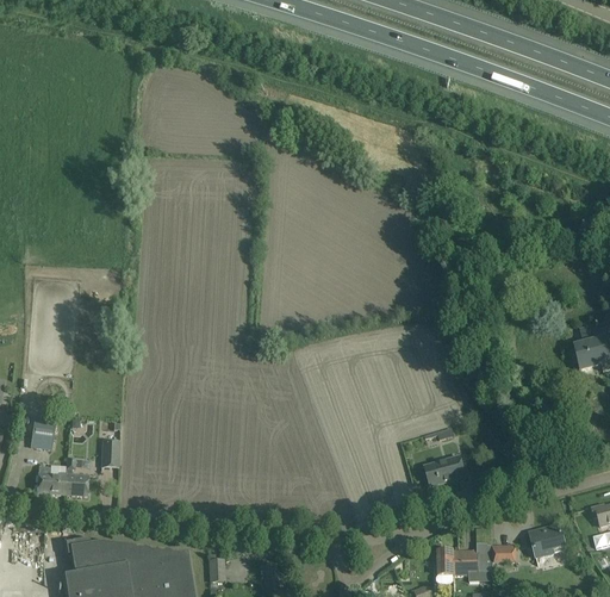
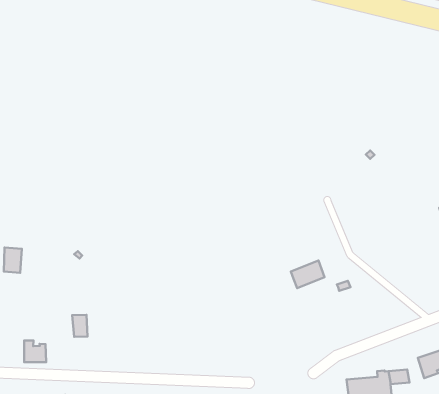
building: [31,416,56,449] -> [4,248,22,273]
building: [64,455,89,496] -> none
building: [424,455,466,487] -> [291,260,325,288]

